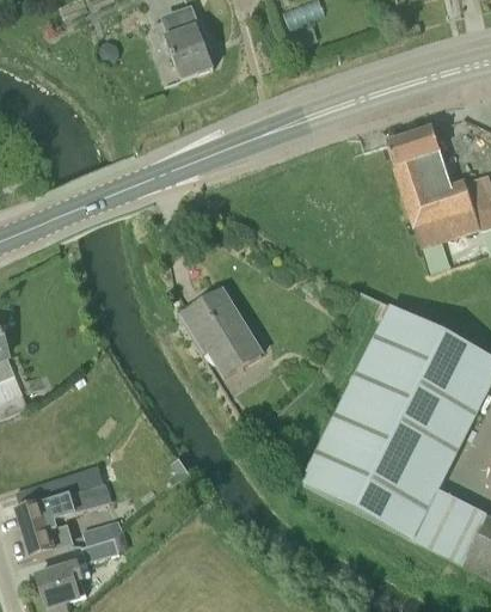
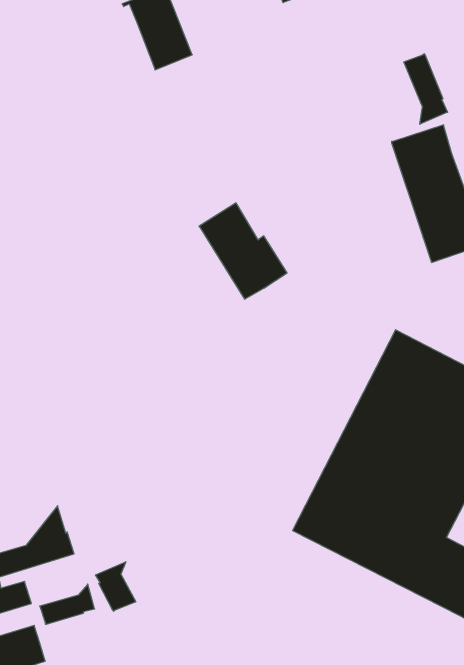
building: none -> [404,54,448,124]
building: [185,290,262,374] -> [199,203,287,299]
building: none -> [96,562,136,611]

